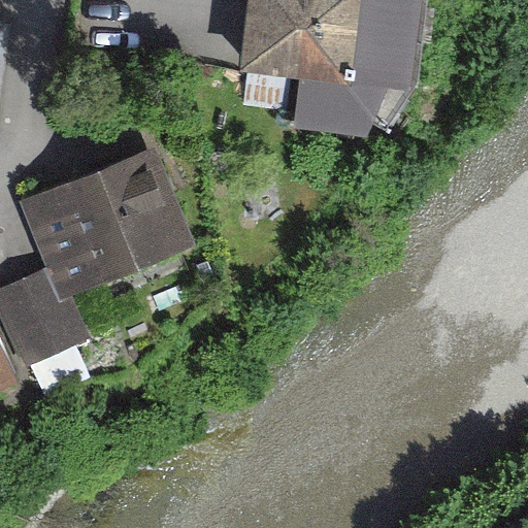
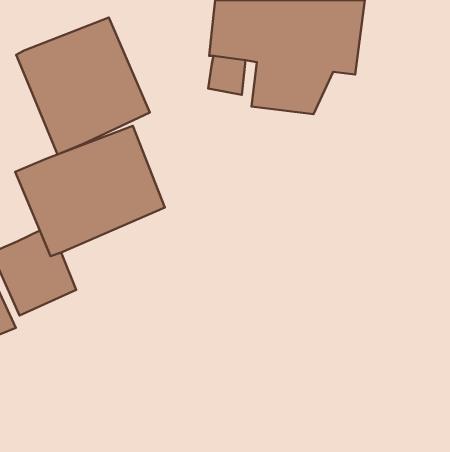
building: none -> [16,18,150,155]

